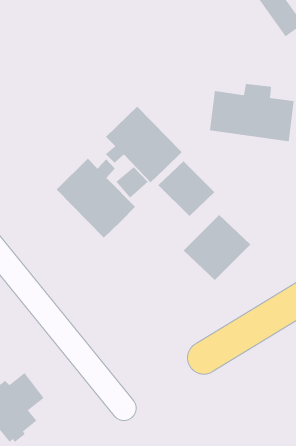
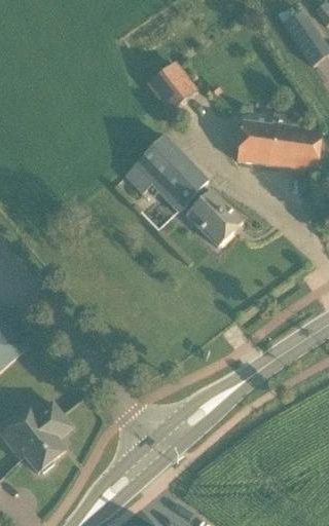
building: none -> [146,61,196,111]
building: [56,158,136,239] -> none
building: [183,214,251,281] -> none

